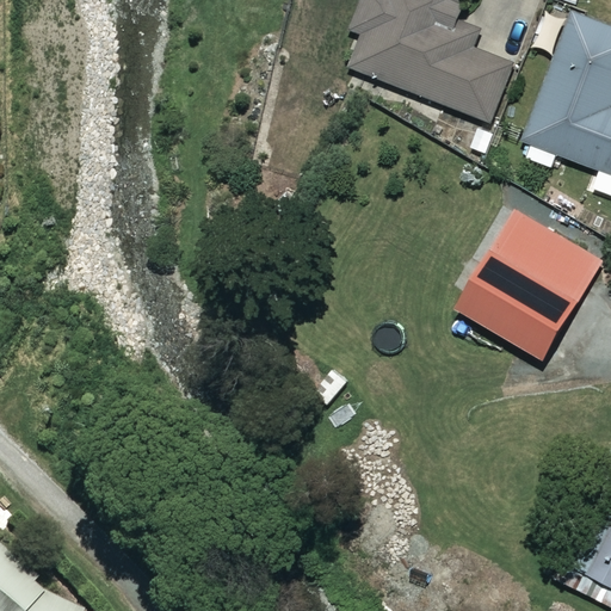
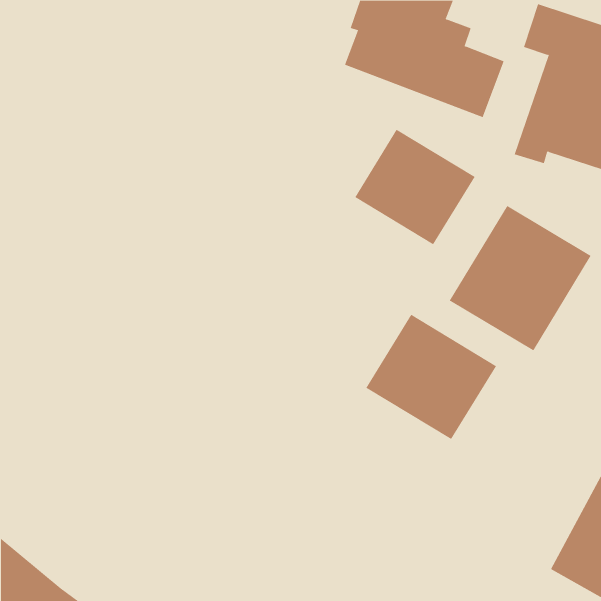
building: none -> [355,129,475,245]
building: none -> [366,314,497,440]

